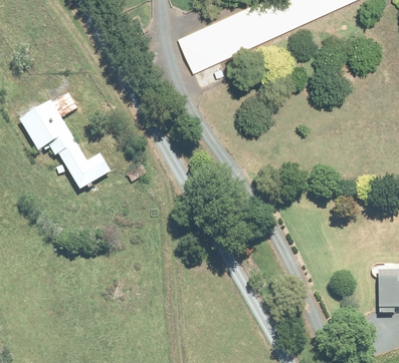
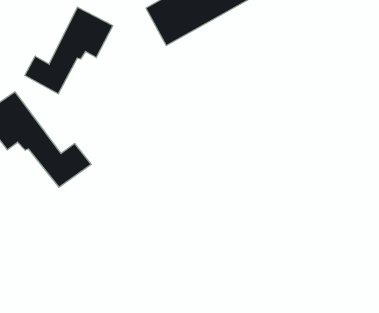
building: none -> [25,7,113,94]

